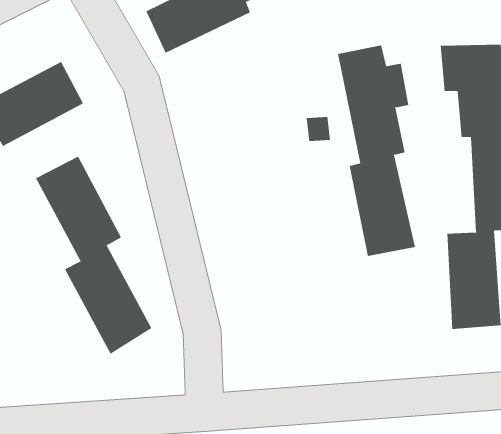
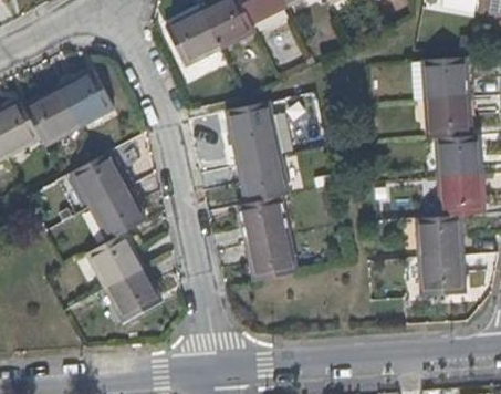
building: [337,45,416,256] -> [228,104,294,282]

